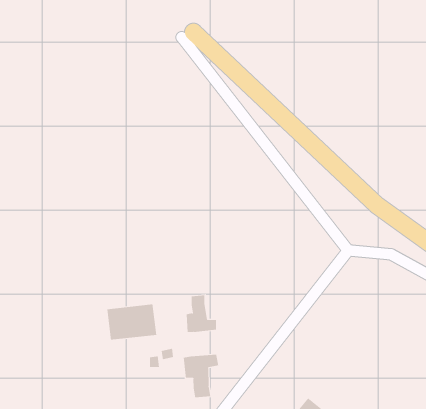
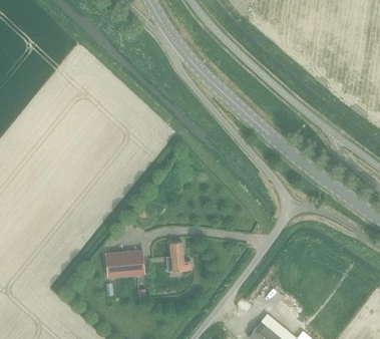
building: [183,354,219,398] -> none

